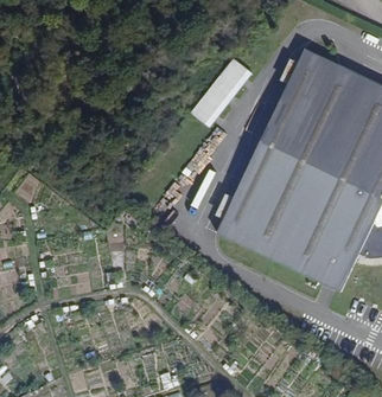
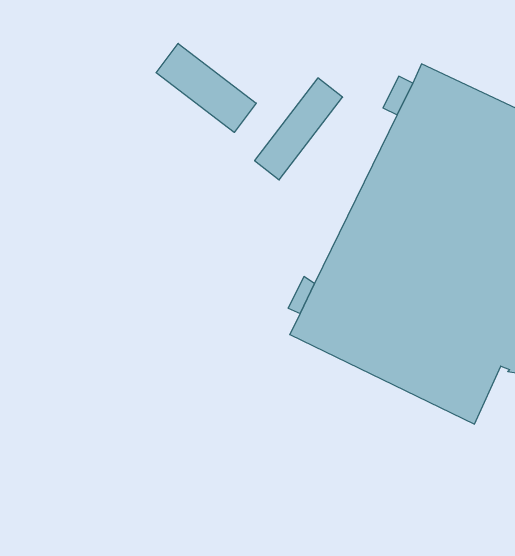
building: none -> [156,43,256,132]

